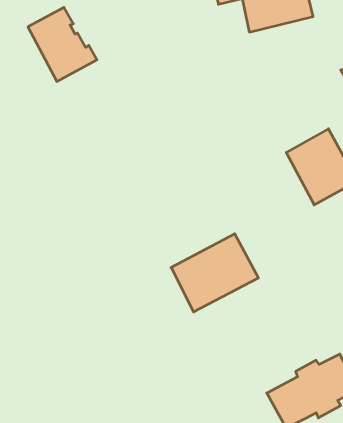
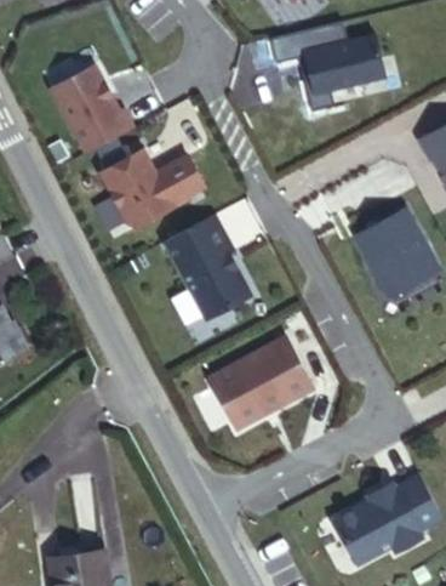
building: none -> [101,149,204,226]
building: none -> [166,214,252,317]

